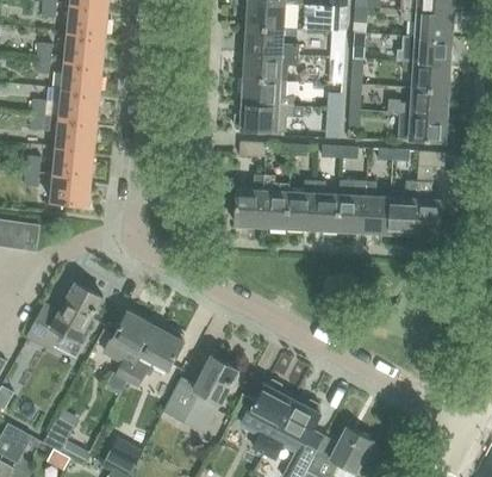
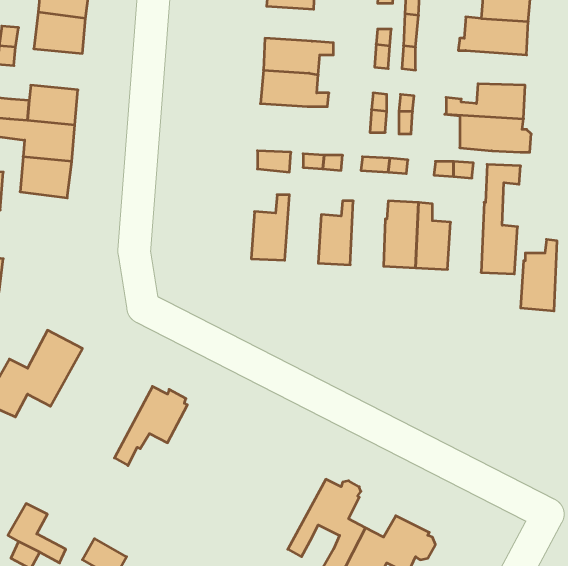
building: [244,27,299,56] -> none
building: [61,61,101,93] -> none
building: [400,62,449,89] -> none
building: [232,104,303,132] -> none
building: [49,173,89,206] -> none
building: [260,175,288,229] -> none
building: [311,180,338,231] -> none
building: [387,180,416,236] -> [521,239,557,311]
building: [105,311,156,394] -> none
building: [163,355,237,432] -> none
building: [241,379,292,453] -> none

